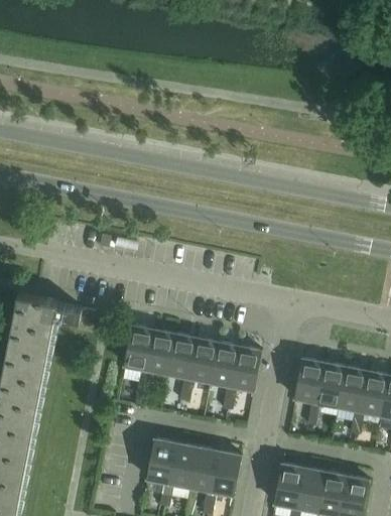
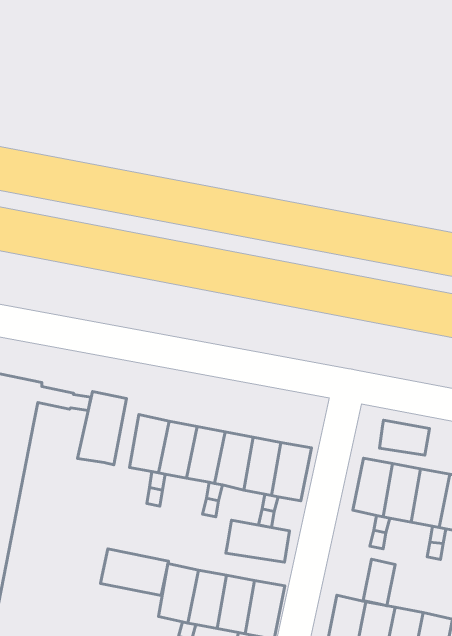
building: none -> [78,391,126,465]
building: none -> [379,420,429,455]
building: none -> [226,520,290,562]
building: none -> [100,549,168,595]
building: none -> [363,559,395,606]

